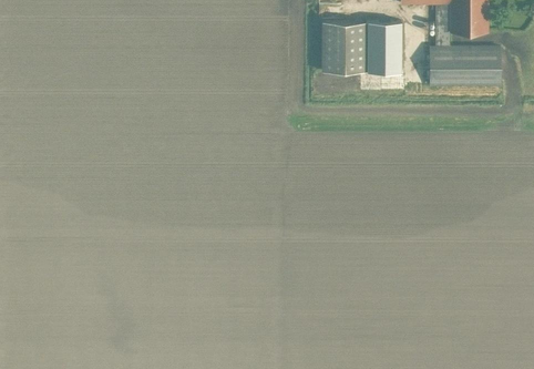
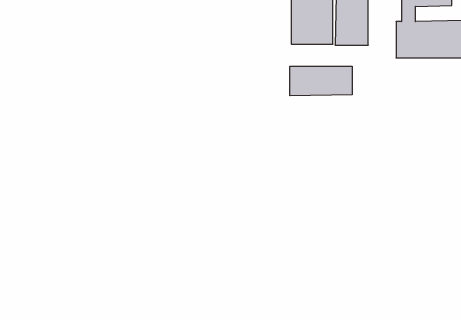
building: none -> [290,66,352,96]

